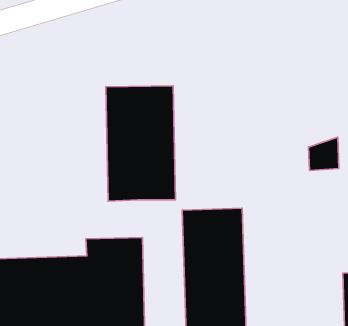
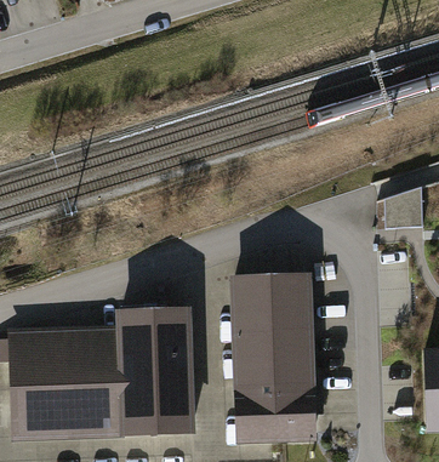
building: [106,86,176,201] -> none

